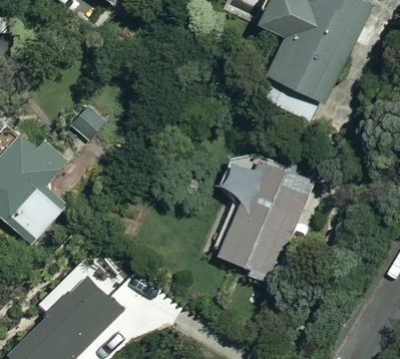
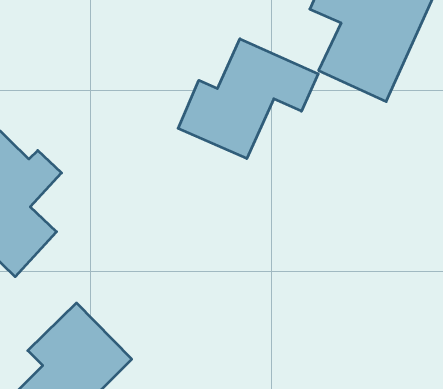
building: none -> [178,39,318,159]
building: [209,150,313,281] -> none

